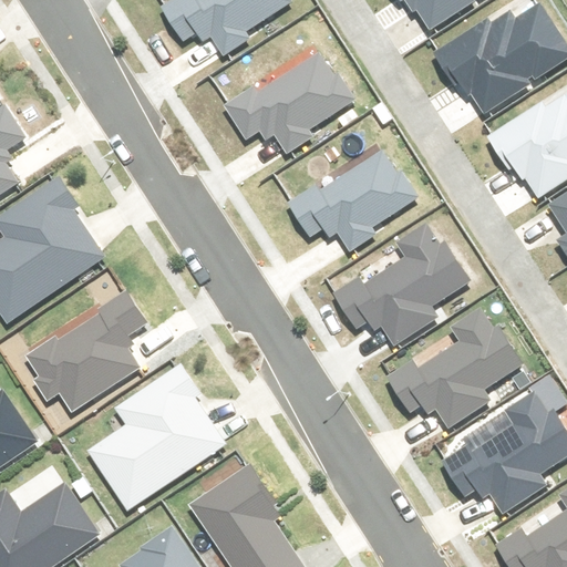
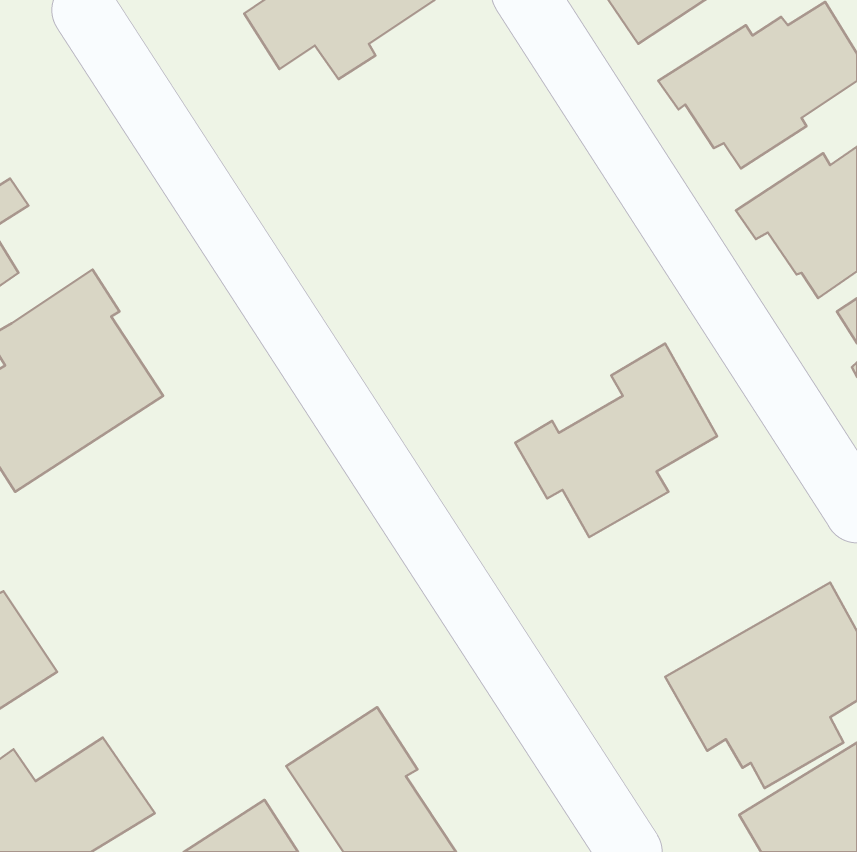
building: [236,59,349,147] -> none
building: [299,157,410,245] -> none
building: [29,296,140,413] -> none
building: [384,305,523,433] -> none
building: [92,367,230,508] -> none

